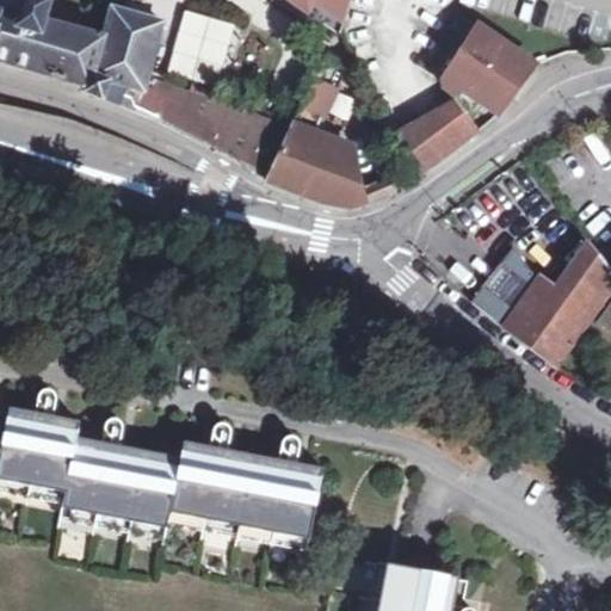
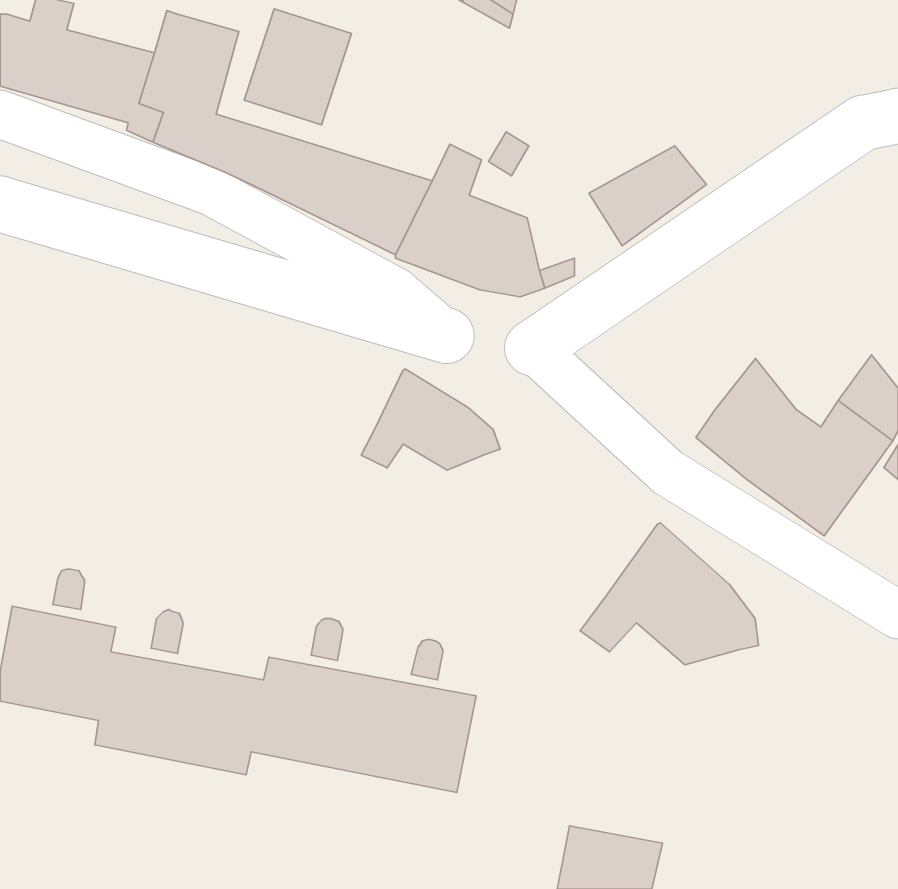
building: [439,18,536,110] -> none
building: none -> [361,369,500,470]
building: none -> [580,523,759,665]

